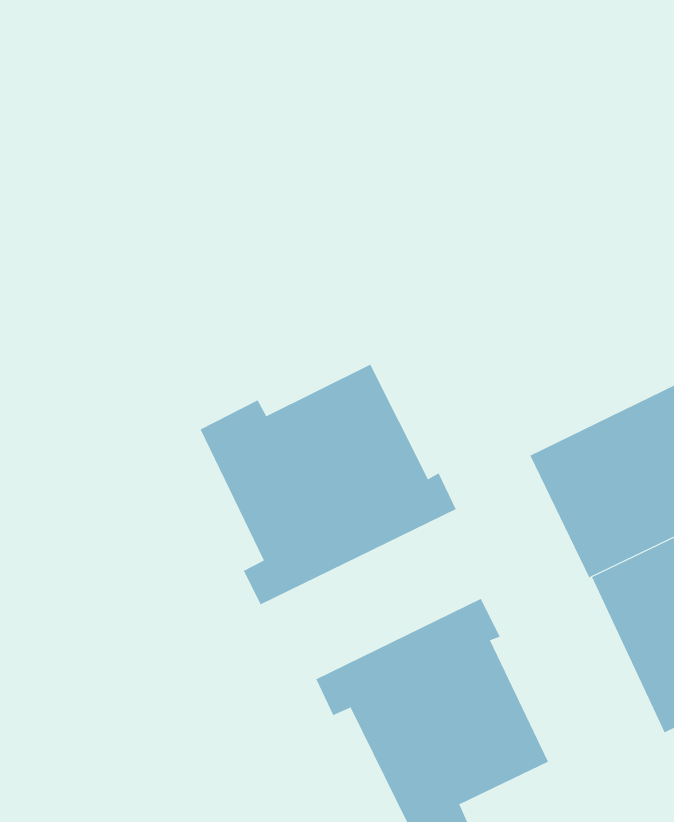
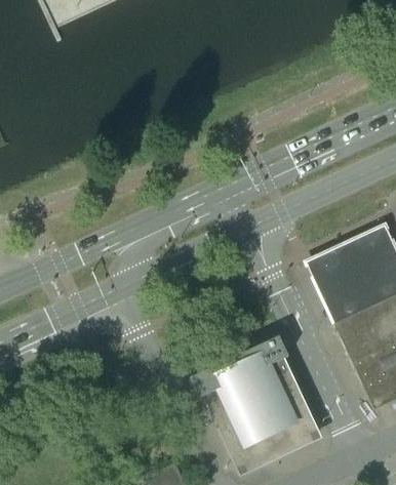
building: [200,364,456,605] -> none

